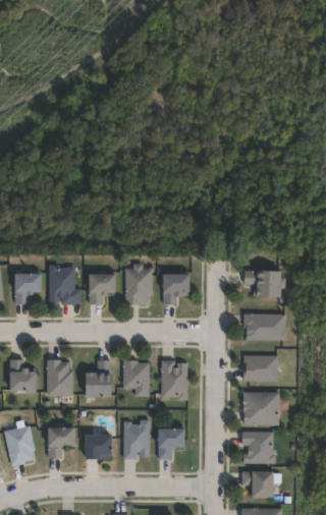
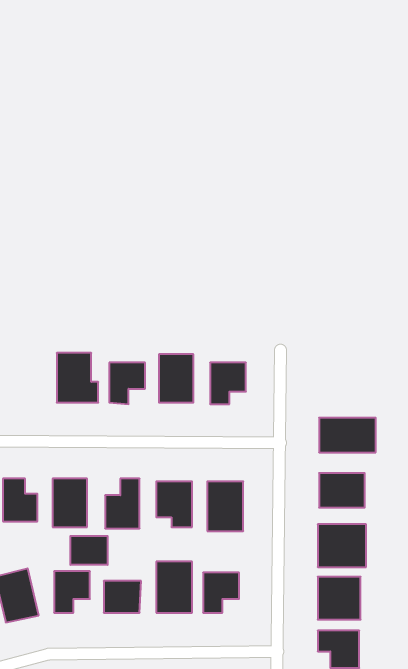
building: [243,270,280,297] -> none
building: [14,274,41,303] -> none
building: none -> [70,536,108,565]

